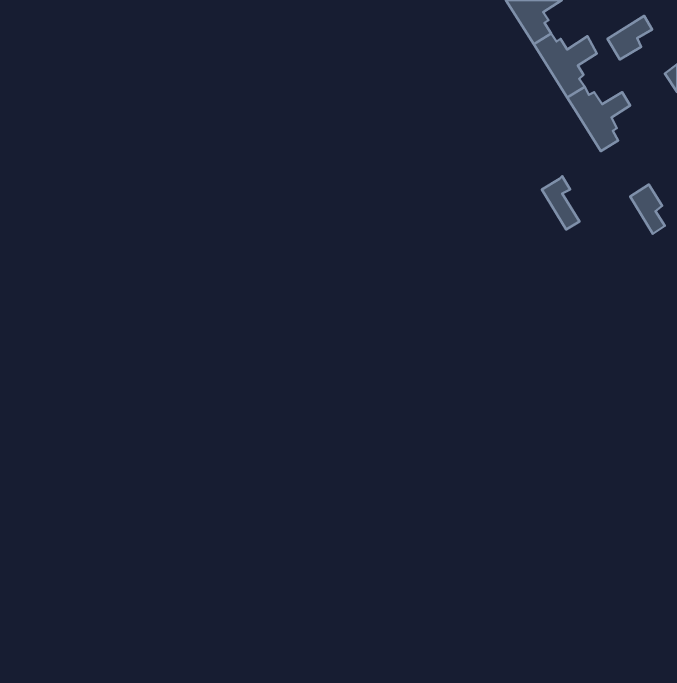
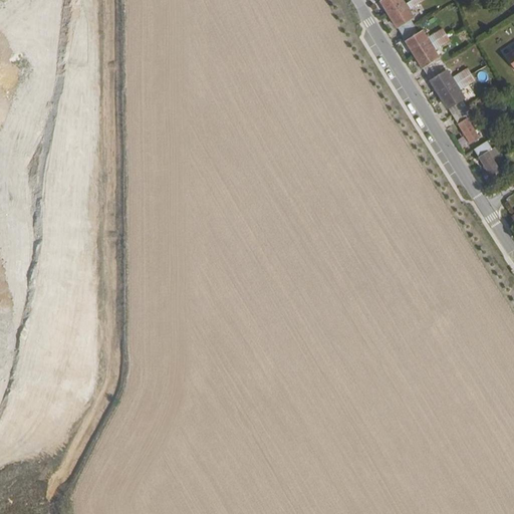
building: [608,16,652,60] -> none
building: [542,176,579,230] -> [451,103,479,144]

